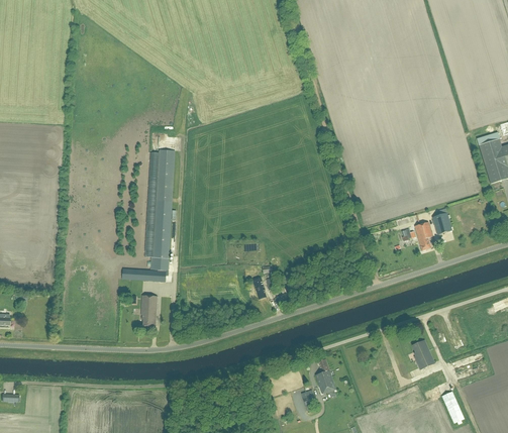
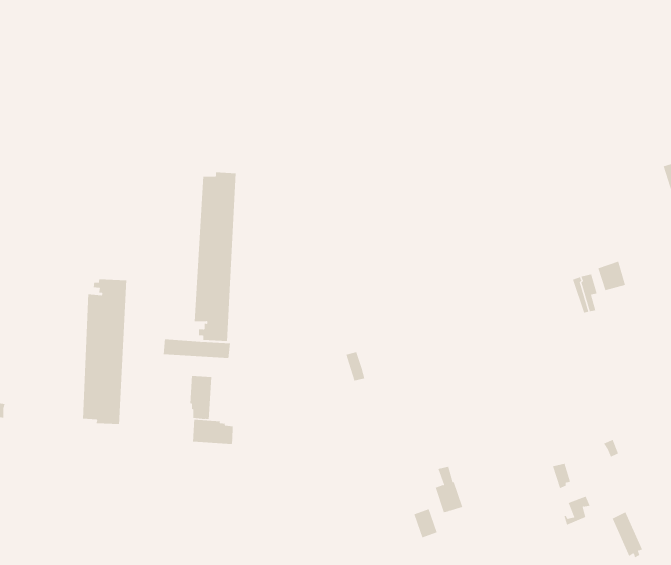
building: none -> [83,279,127,425]
building: none -> [192,419,233,445]
building: [412,340,435,369] -> none

